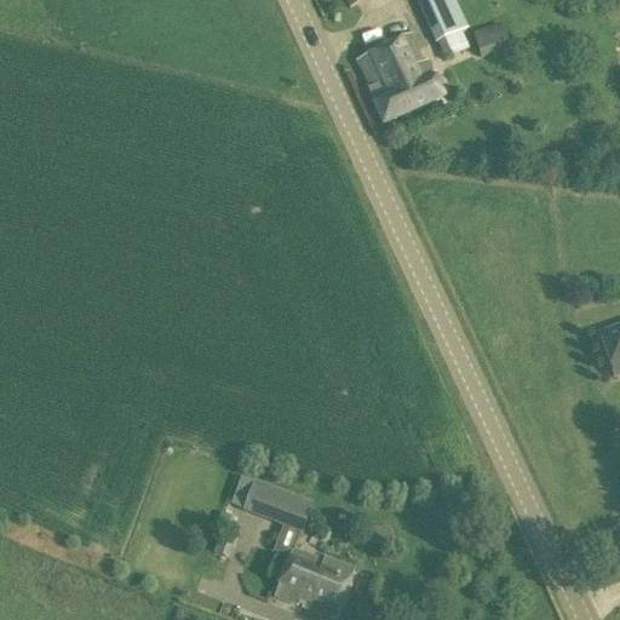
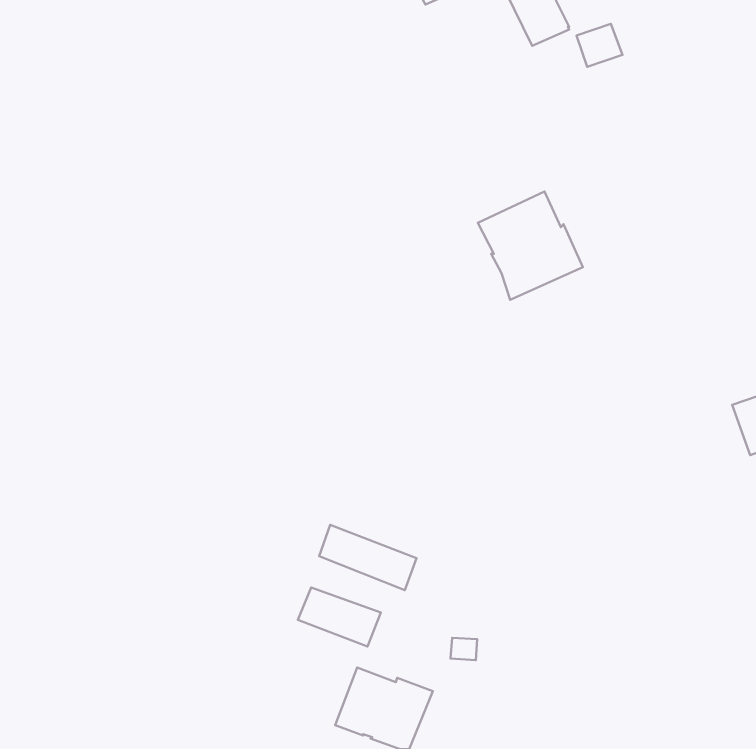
building: [356,31,442,120] -> [478,192,583,300]
building: none -> [319,525,417,590]

